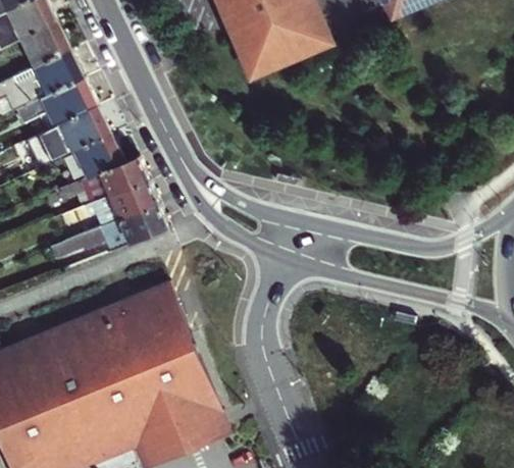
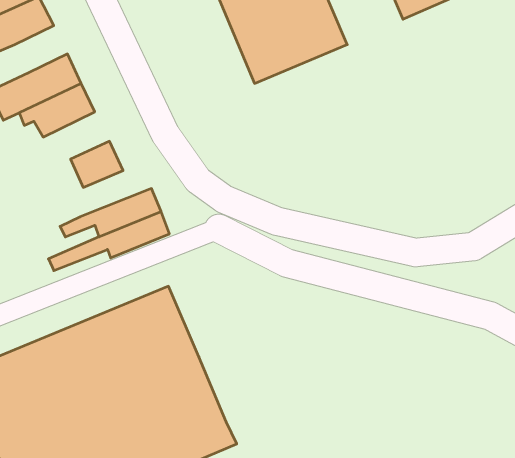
building: [16,27,67,72] -> none
building: [11,110,108,178] -> none
building: [54,160,149,212] -> none

